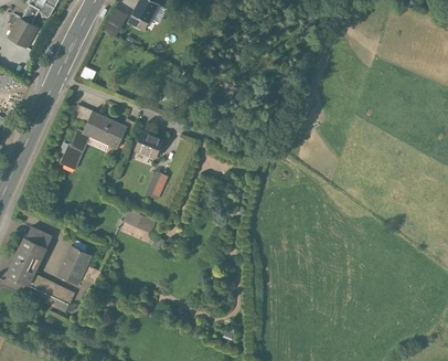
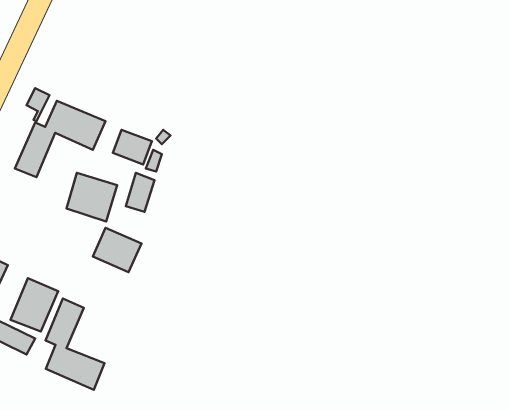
building: none -> [67,173,117,221]
building: none -> [45,298,104,390]

